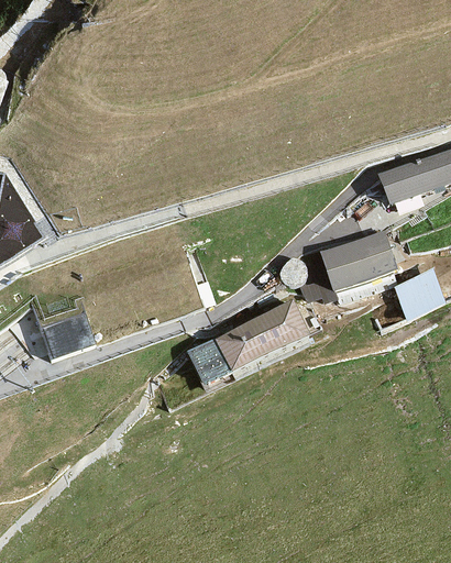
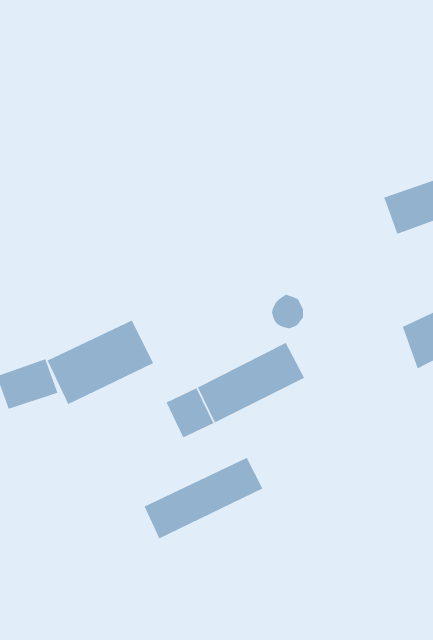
building: [319,232,397,292] -> none
building: none -> [47,319,154,405]
building: none -> [144,457,263,539]

